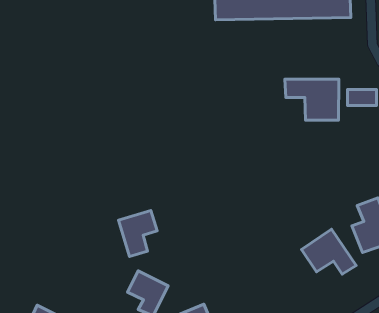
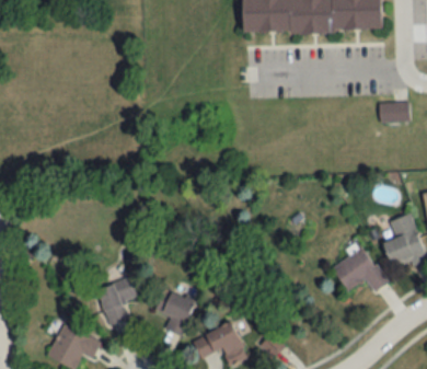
building: [285,79,339,120] -> none
building: [119,210,157,257] -> [97,277,137,324]

